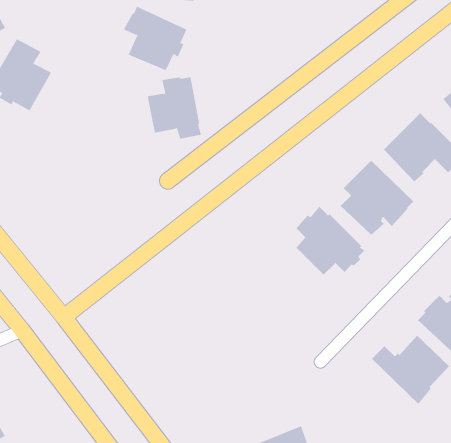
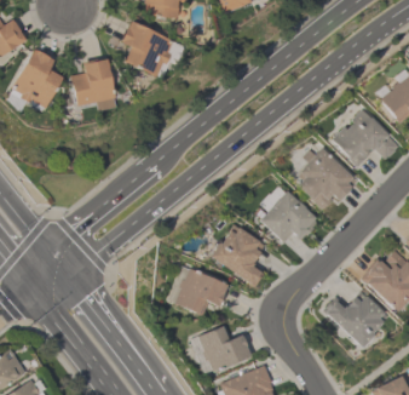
building: [147,77,202,139] -> [71,59,116,110]
building: none -> [211,224,266,287]
building: none -> [177,268,229,316]
building: none -> [200,325,252,372]

